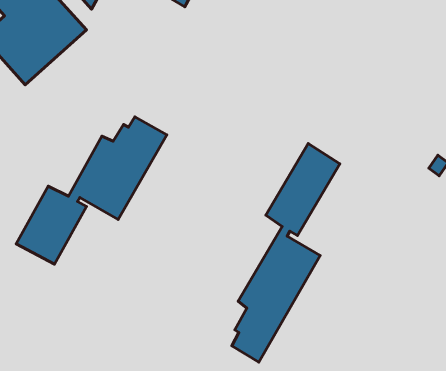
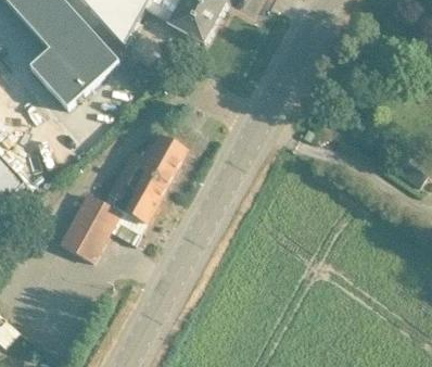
building: [232,144,340,362] -> none

